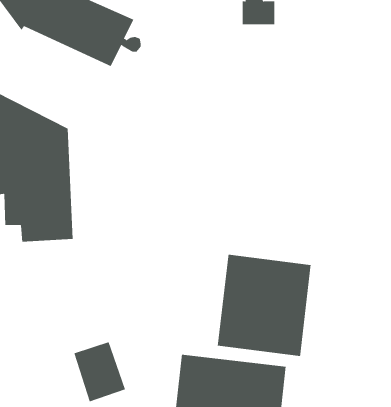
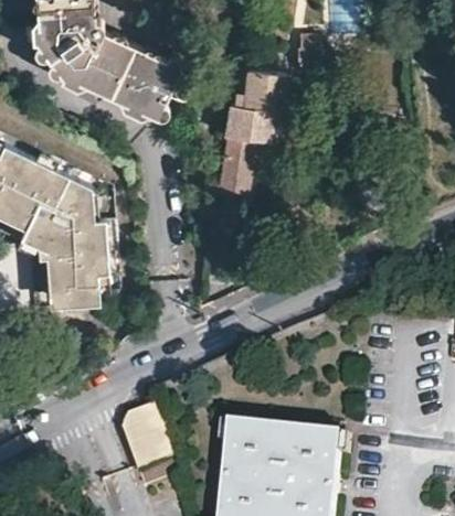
building: none -> [213,63,285,195]
building: [217,254,311,357] -> none

